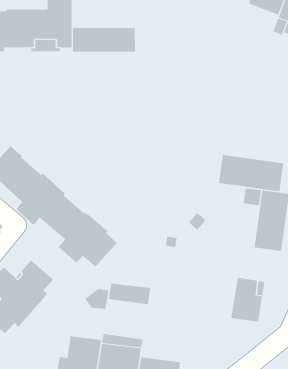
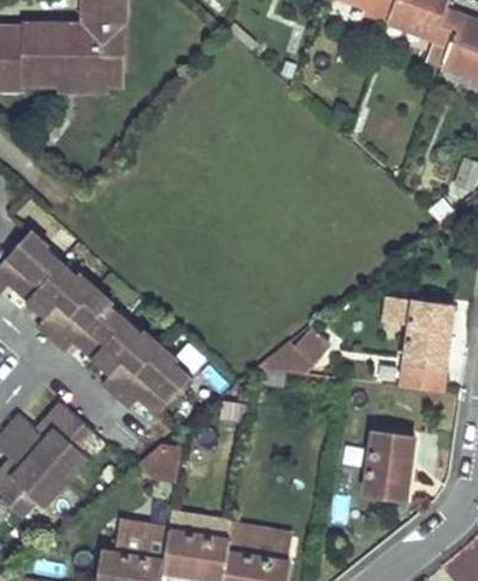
building: [72,27,135,52] -> none
building: [219,154,284,192] -> none
building: [108,283,151,305] -> [226,526,290,559]

